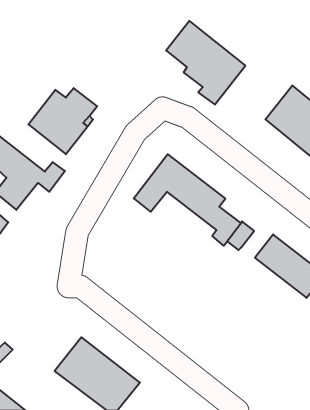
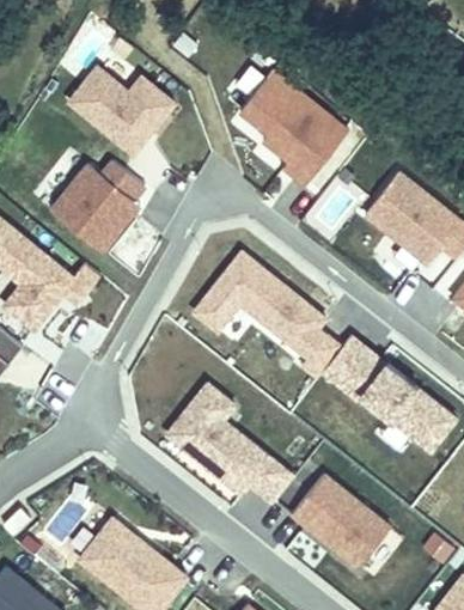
building: none -> [66,68,172,155]
building: none -> [340,336,384,396]
building: none -> [166,385,293,504]
building: none -> [291,474,390,567]

